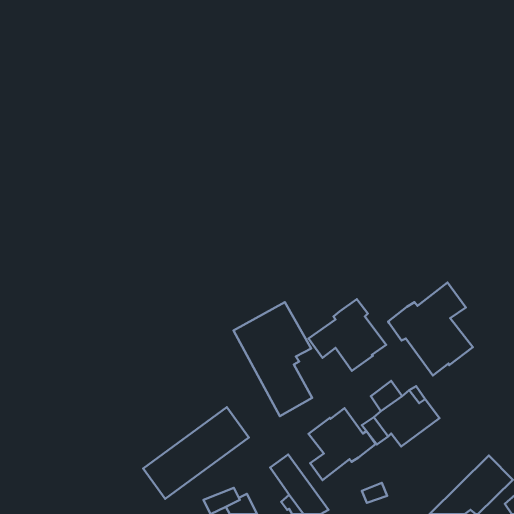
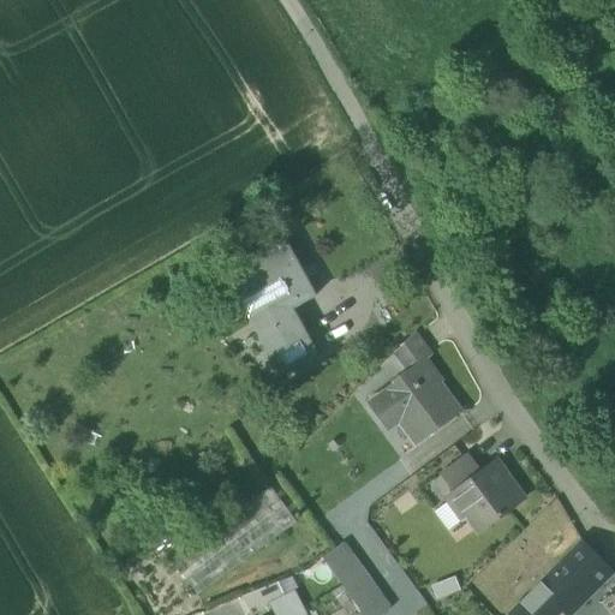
building: none -> [393,332,434,371]
building: [388,283,473,376] -> none
building: [234,302,312,416] -> [226,240,320,376]
building: [309,408,375,480] -> none

